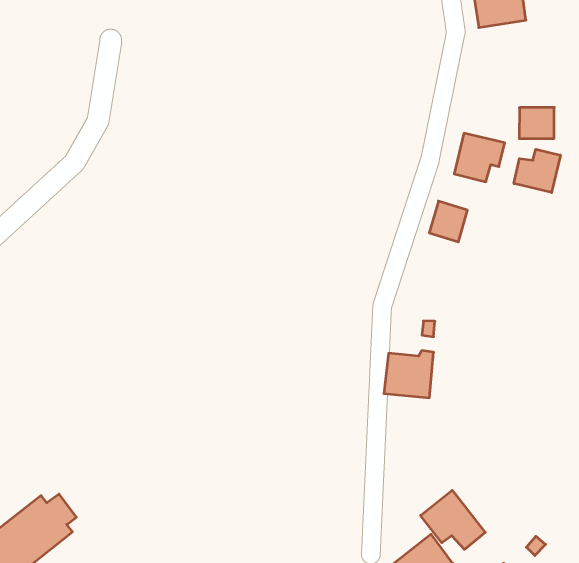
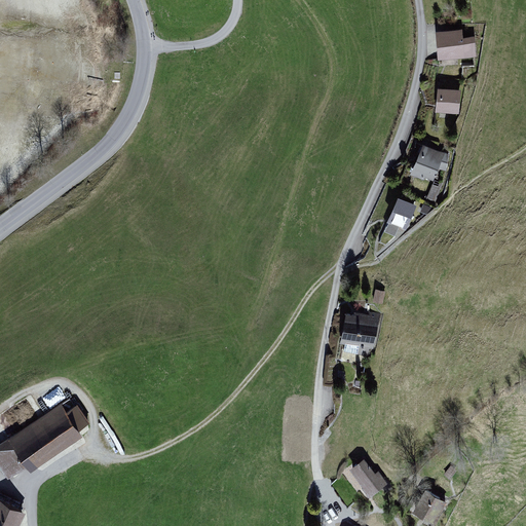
building: [519,107,554,139] -> [434,87,463,114]
building: [514,149,560,193] -> none
building: [421,490,485,549] -> none

